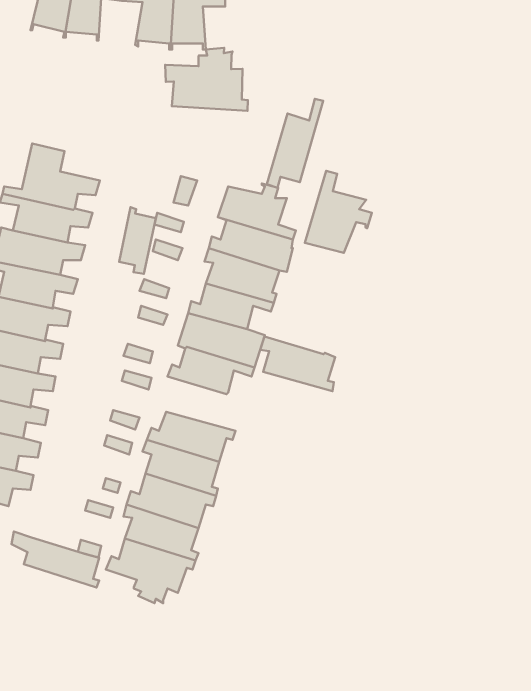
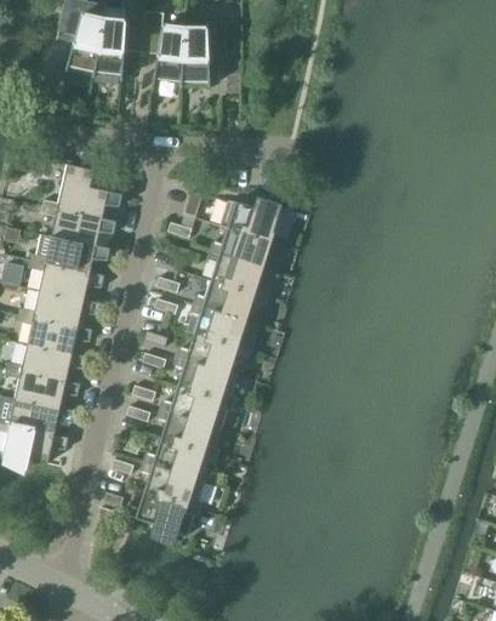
building: [165,48,248,111] -> none
building: [267,99,323,188] -> none
building: [305,171,372,253] -> none
building: [119,207,156,274] -> none
building: [260,337,335,391] -> [175,357,236,401]
building: [11,531,99,587] -> none

